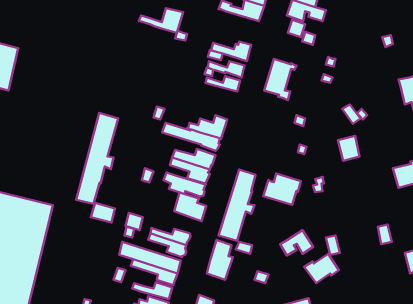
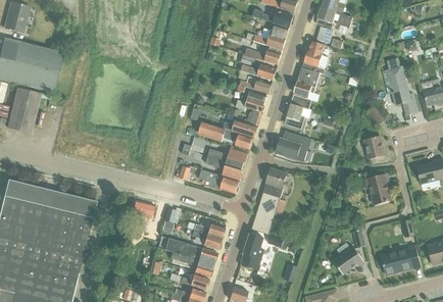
building: [139,8,183,33] -> [246,27,288,50]
building: none -> [303,41,328,69]
building: none -> [382,59,417,122]
building: none -> [236,91,266,120]
building: none -> [286,95,311,130]
building: [76,113,118,204] -> none
building: [263,173,301,205] -> [275,132,310,161]
building: none -> [364,173,391,204]
building: [174,193,206,221] -> none
building: [280,230,313,255] -> none
building: none -> [381,245,421,274]

